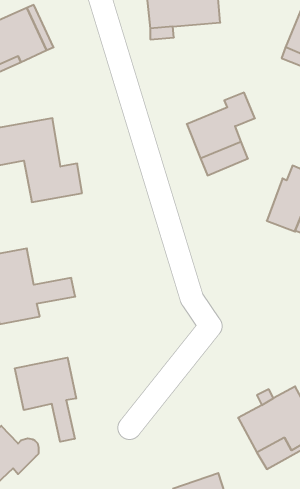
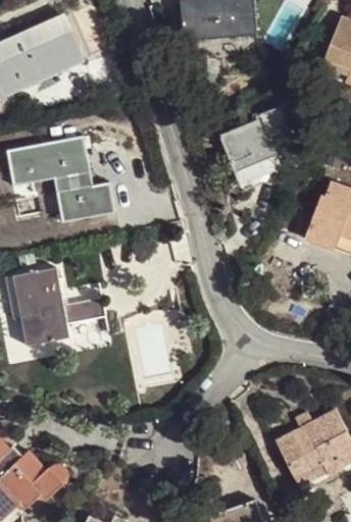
building: [15,358,76,442] -> none

